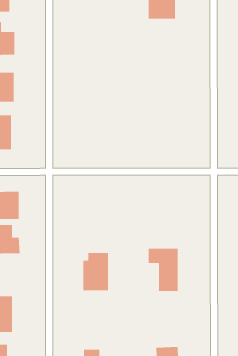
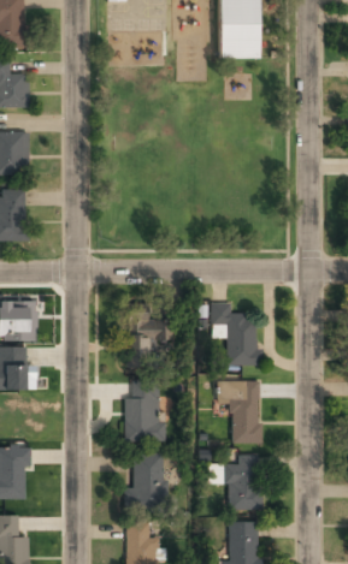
building: none -> [212,303,259,366]
building: none -> [129,314,173,361]
building: none -> [126,455,165,506]
building: none -> [228,455,261,509]

